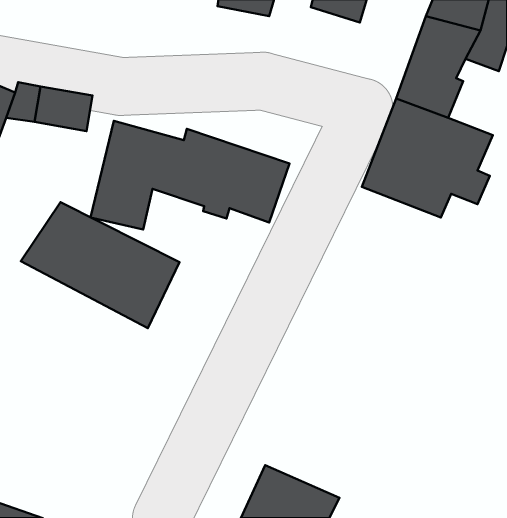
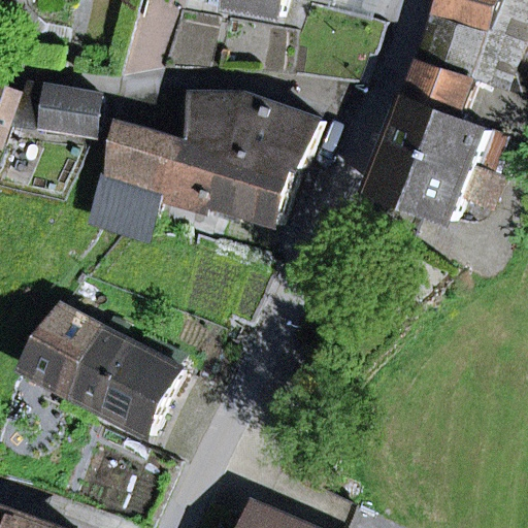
building: none -> [190,93,317,168]
building: [21,202,179,328] -> [16,308,177,436]

